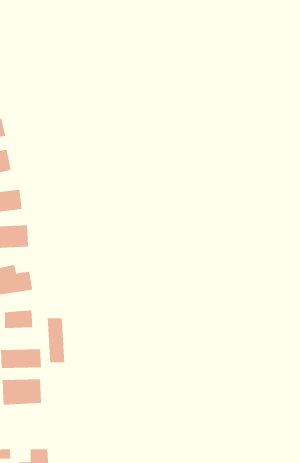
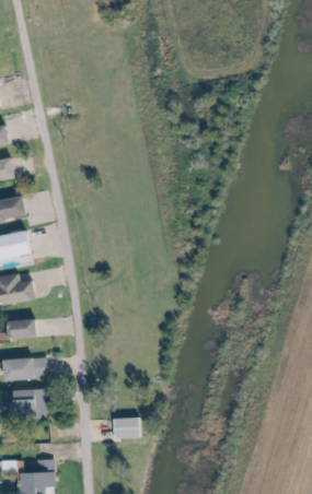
building: [47,317,65,363] -> none
building: none -> [111,417,138,438]

